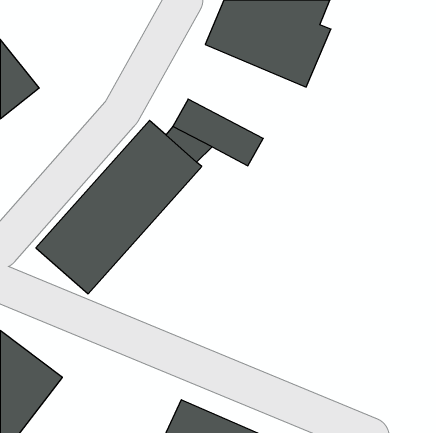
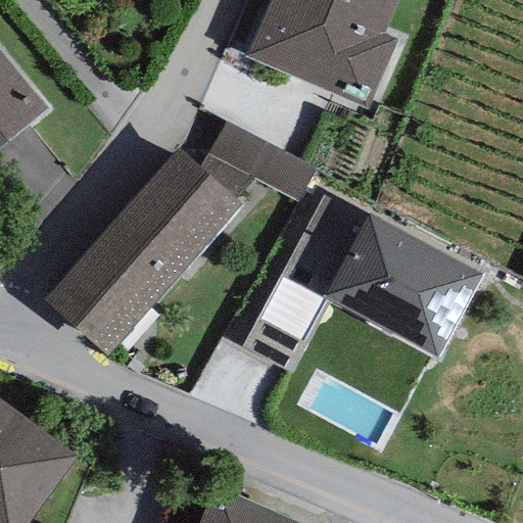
building: none -> [242,195,480,375]

